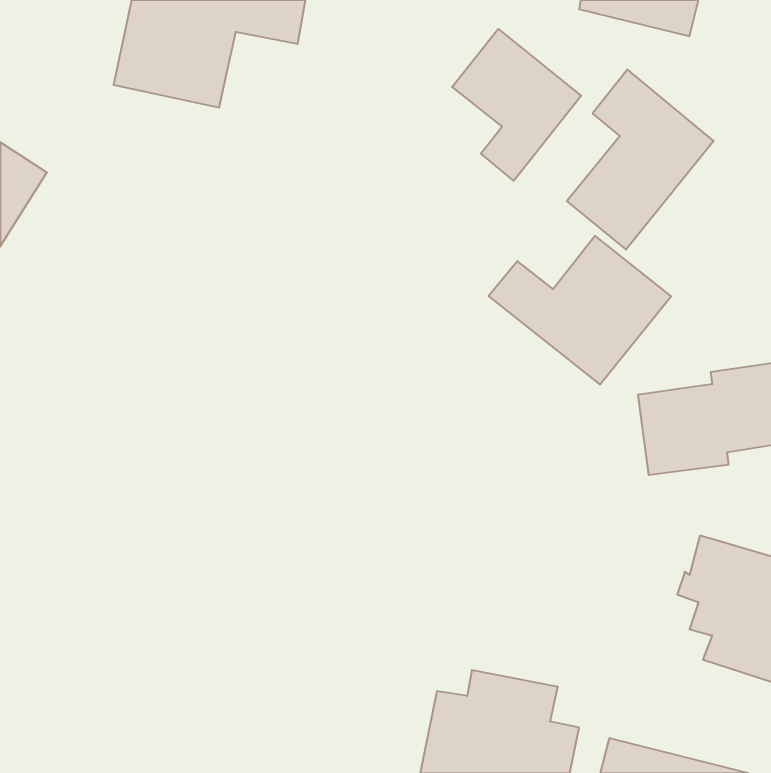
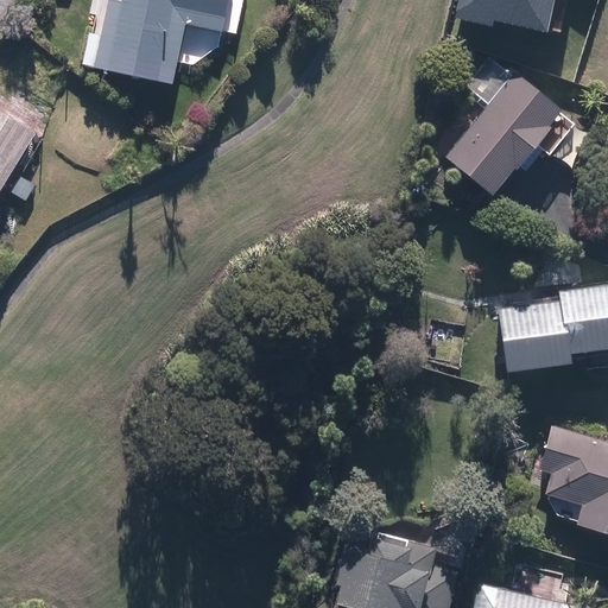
building: [452,29,581,181] -> none
building: [488,236,671,385] -> none

